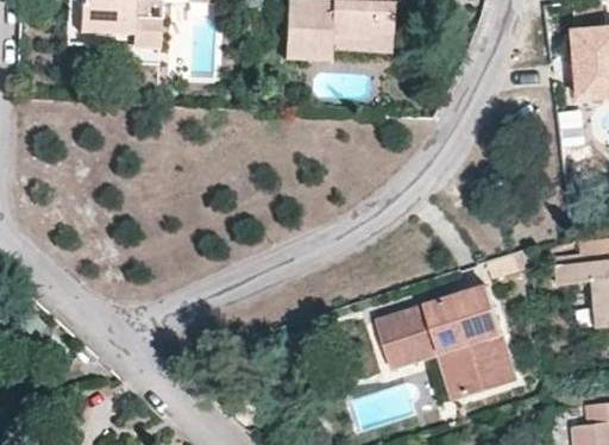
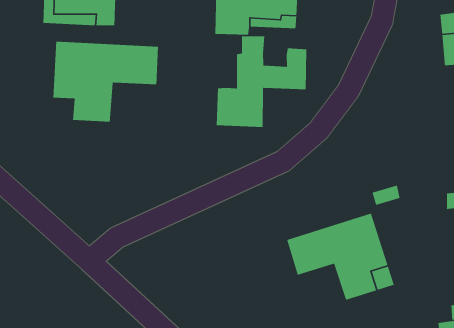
building: none -> [216,35,307,128]
building: none -> [52,41,159,123]

